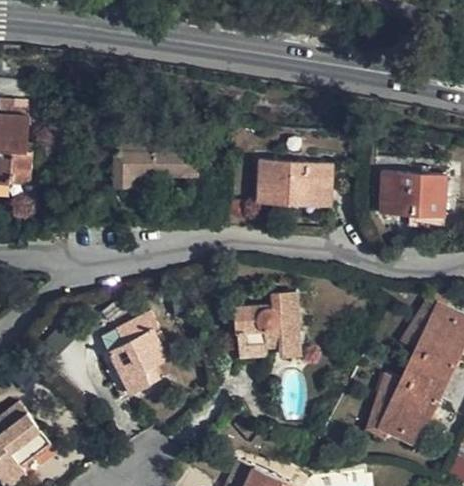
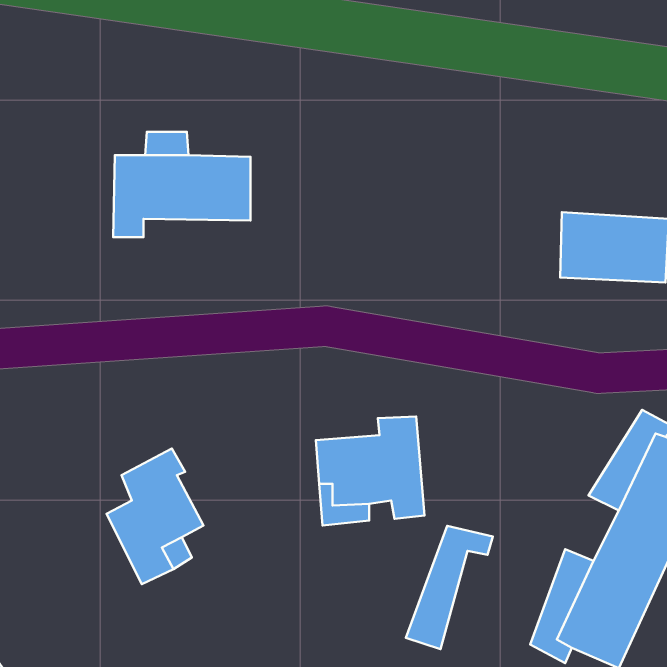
building: [258,163,331,205] -> none
building: none -> [406,526,493,649]

